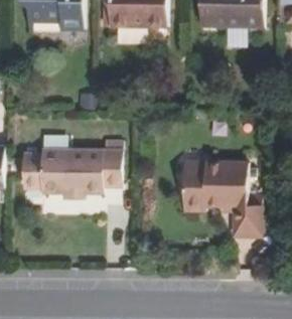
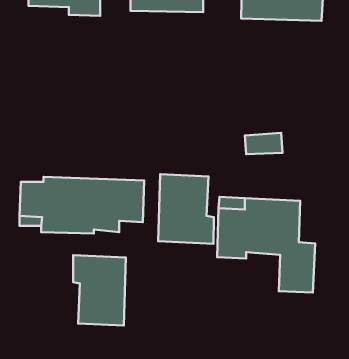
building: none -> [158,174,214,244]
building: none -> [73,255,126,326]

